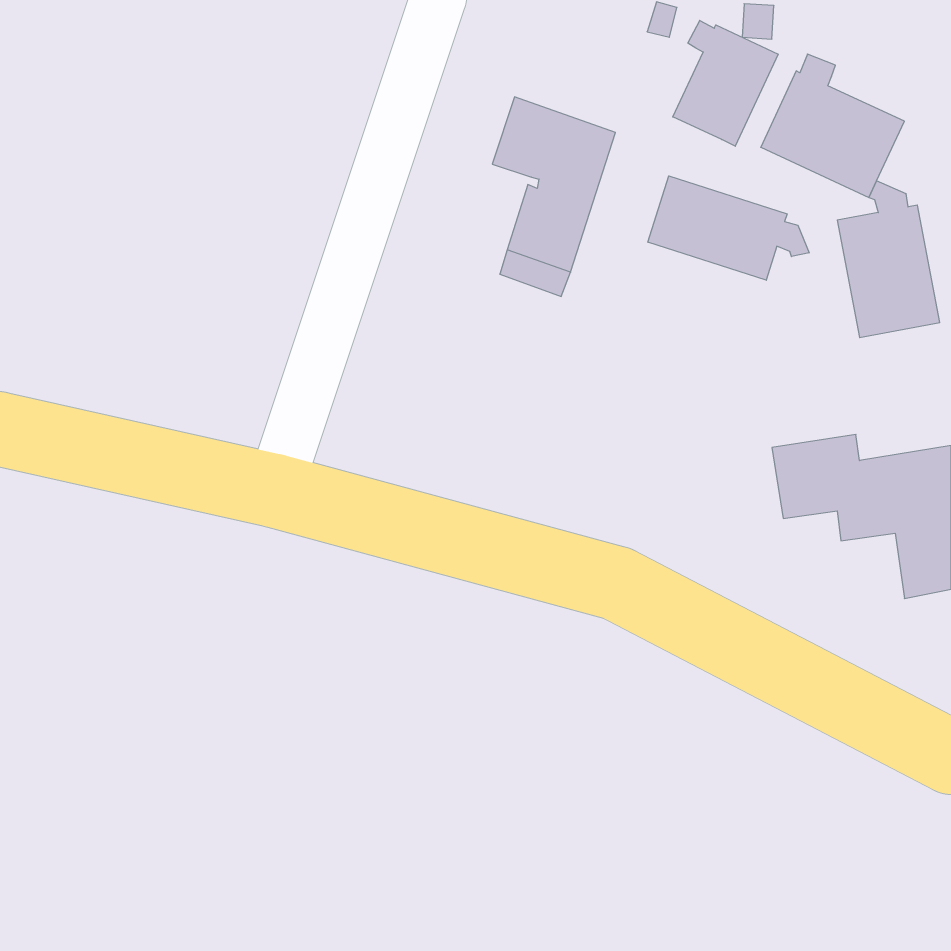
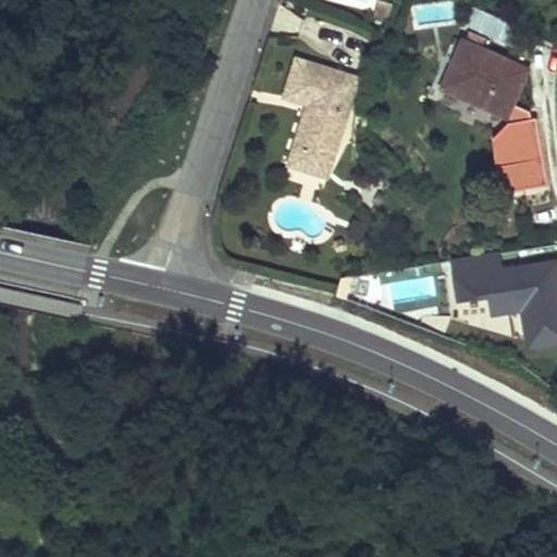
building: [673,20,778,146] -> none
building: [648,176,809,280] -> none

